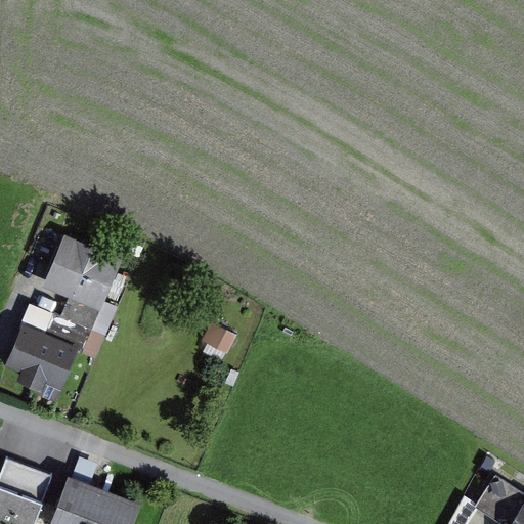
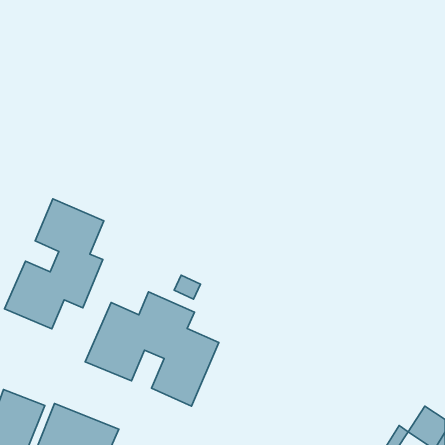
building: none -> [85,292,219,406]

